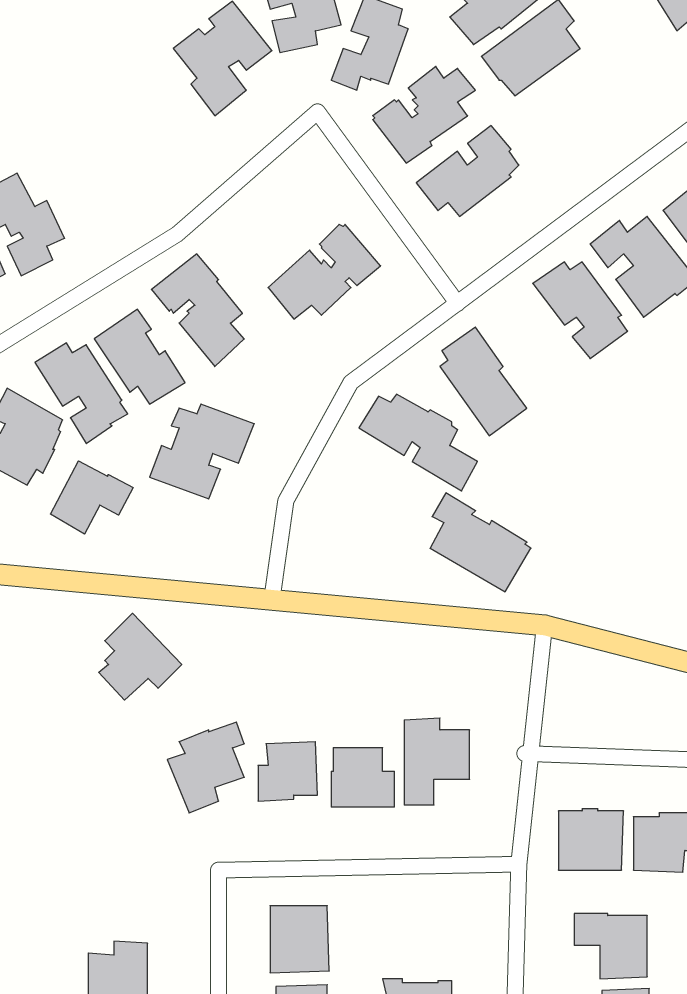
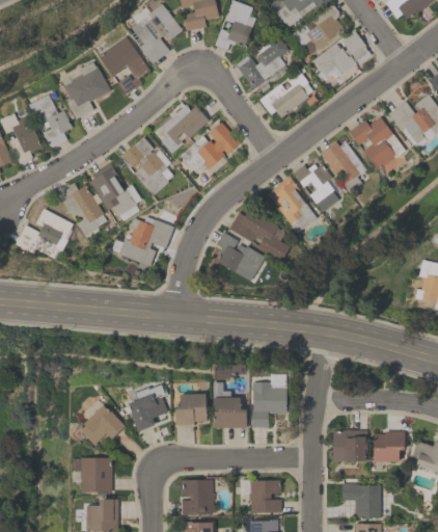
building: none -> [312,30,372,78]
building: none -> [99,36,149,95]
building: none -> [61,62,111,119]
building: none -> [160,104,209,154]
building: none -> [293,164,339,212]
building: [50,461,133,534] -> none
building: [430,493,531,592] -> [215,232,268,284]
building: [99,613,182,700] -> [81,399,125,445]
building: none -> [73,458,112,493]
building: none -> [249,480,281,513]

